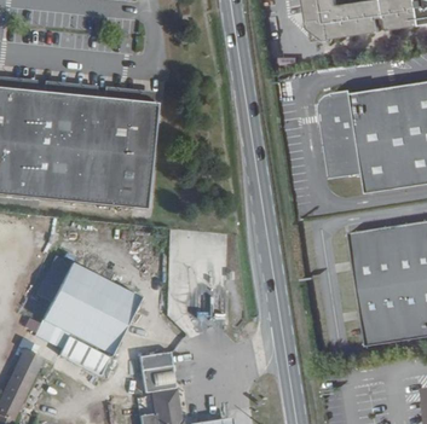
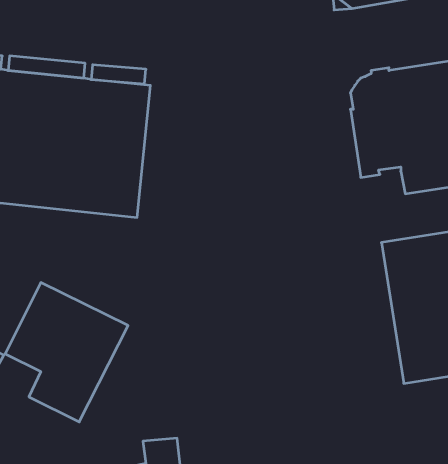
building: [137,353,173,391] -> none

